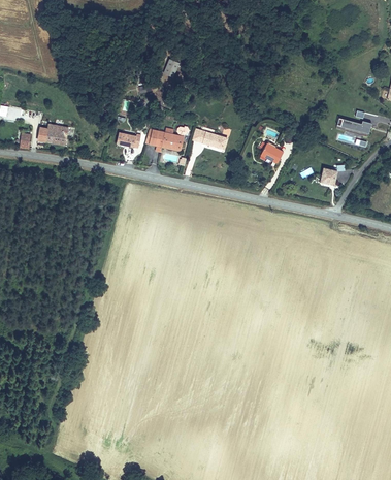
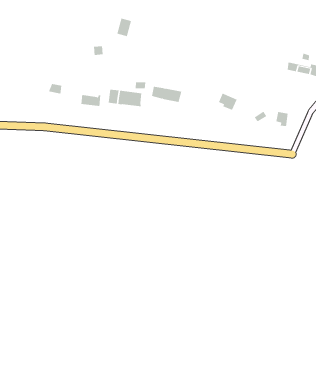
building: [37,127,67,145] -> none

